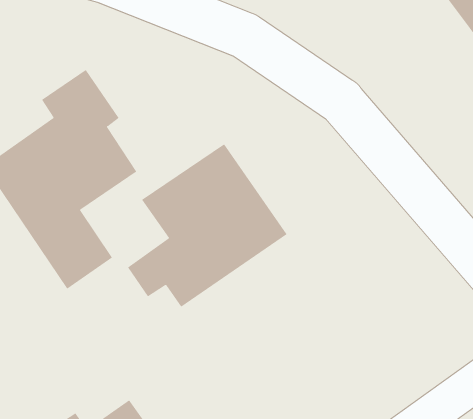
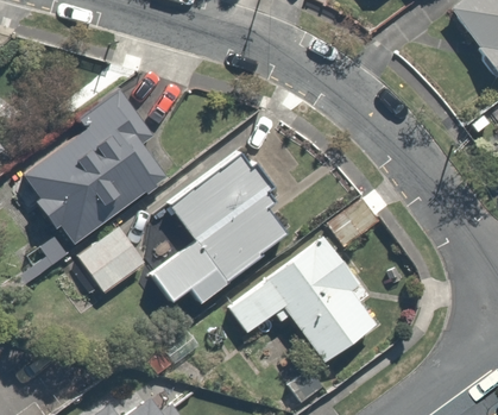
building: none -> [226,238,389,370]

